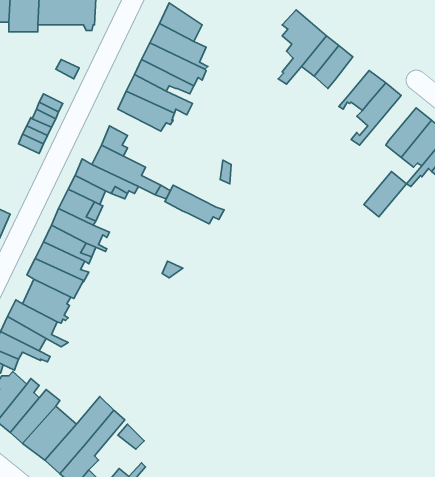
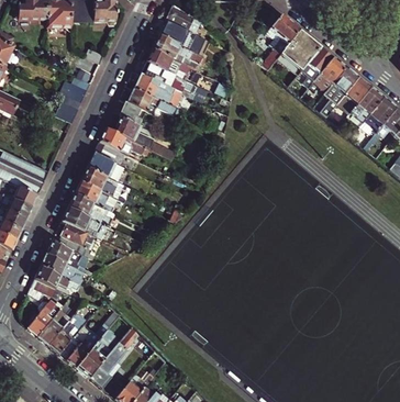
building: none -> [301,46,334,86]
building: [364,171,407,217] -> [337,77,371,113]
building: [165,185,224,224] -> [127,88,175,119]

